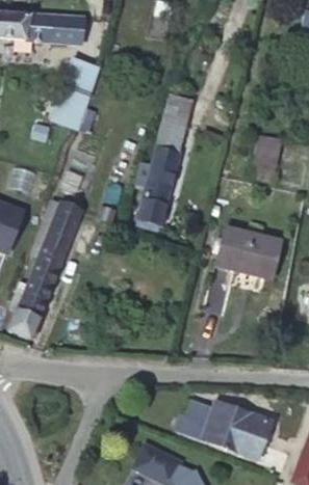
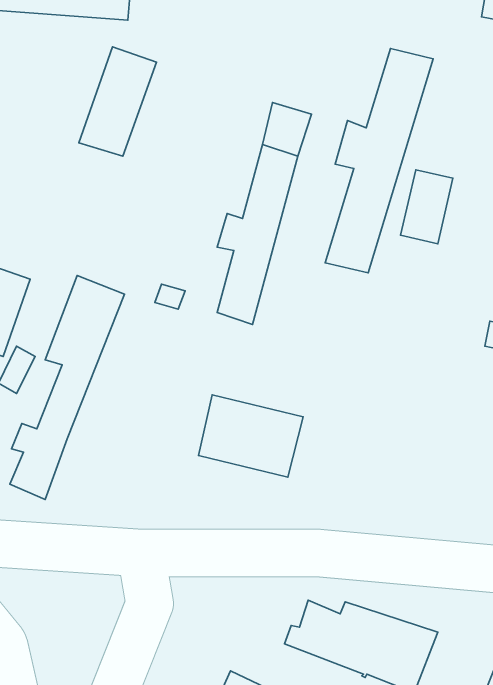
building: none -> [325,49,433,273]
building: [216,227,281,278] -> [199,395,303,477]

